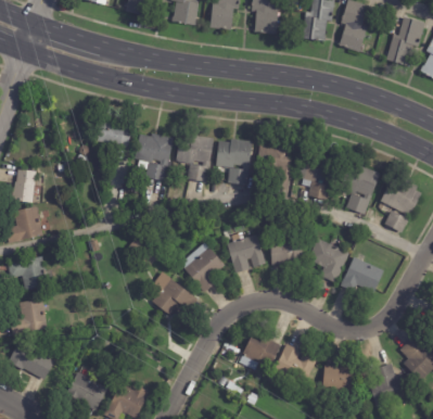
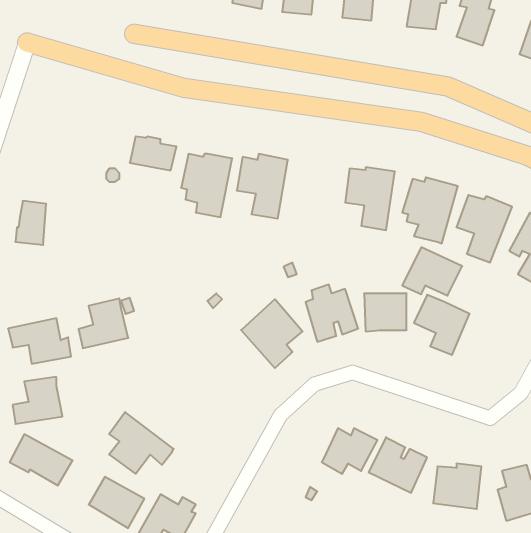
building: [216,138,252,183] -> none
building: [5,205,42,242] -> [78,298,128,348]
building: [340,256,384,292] -> [402,247,462,296]
building: [150,271,198,317] -> [109,412,174,474]

